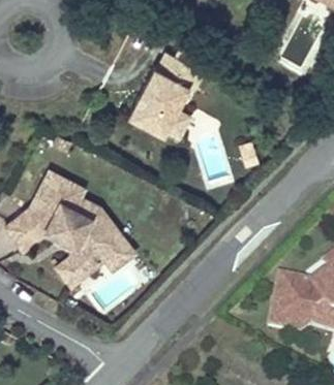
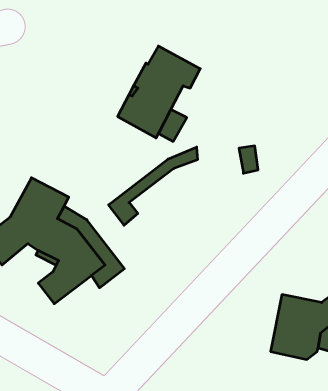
building: none -> [109,147,197,225]

